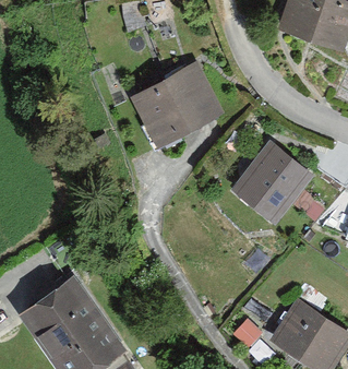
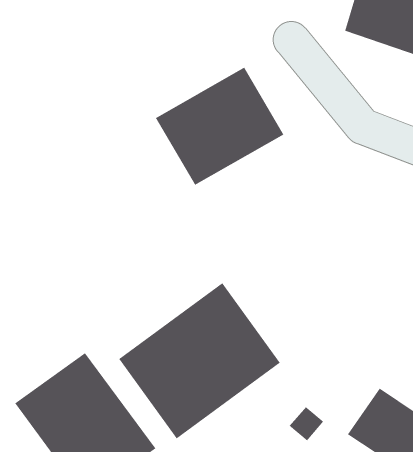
building: [230,140,314,224] -> none
building: none -> [118,282,281,440]

